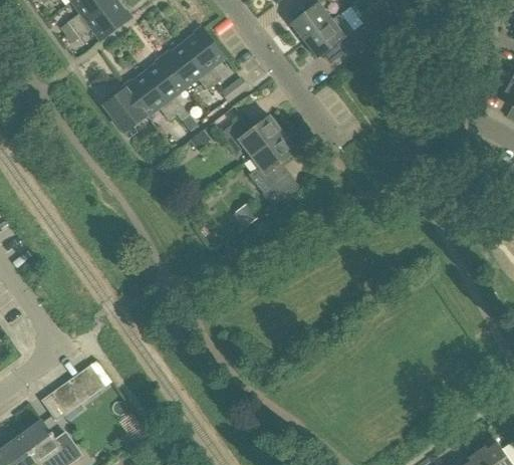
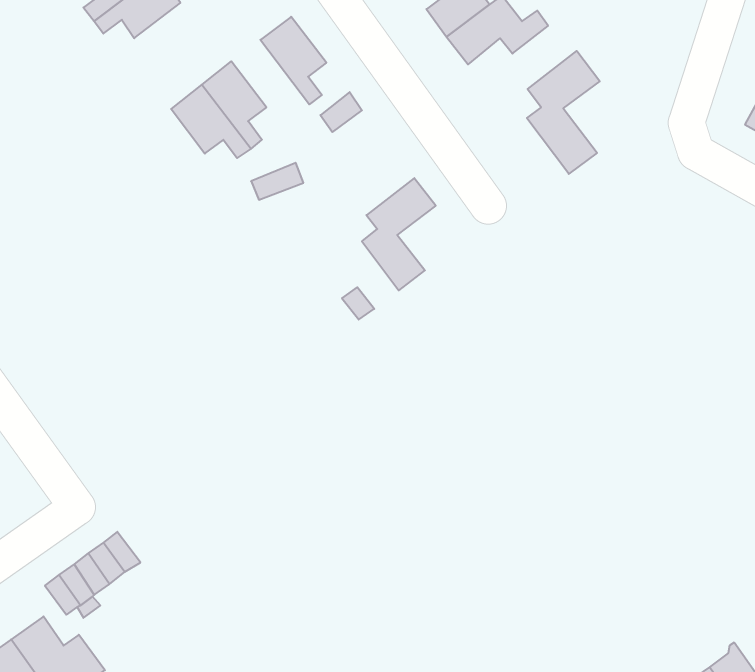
building: [164,42,215,90] -> none
building: none -> [527,51,600,174]
building: [106,87,147,138] -> none
building: [219,114,283,157] -> none

